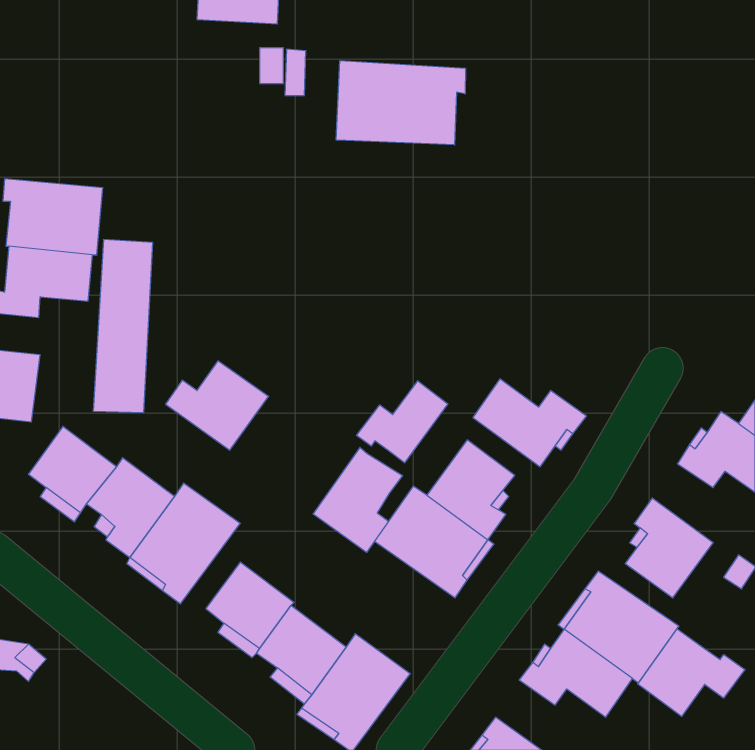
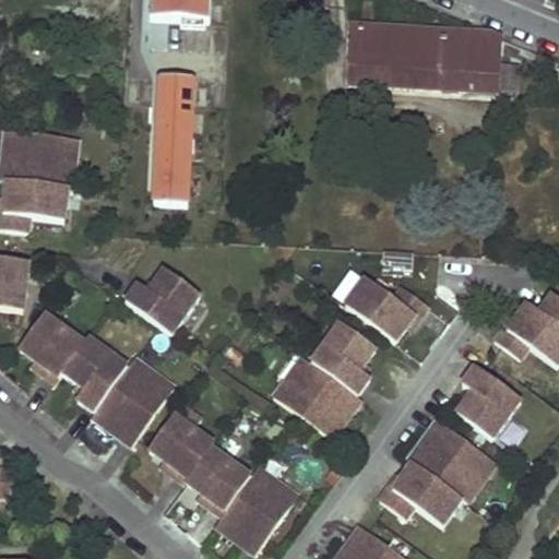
building: none -> [345,20,513,90]
building: [336,61,465,145] -> none
building: [93,240,153,413] -> [146,73,190,200]
building: [357,381,448,463] -> none
building: [313,447,402,552] -> none
building: [638,629,745,716] -> none

